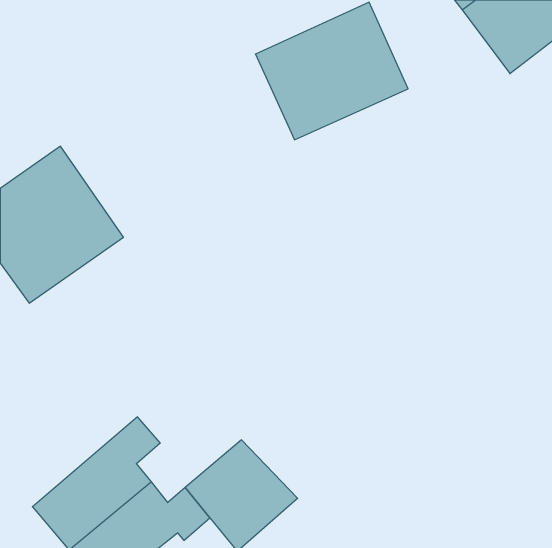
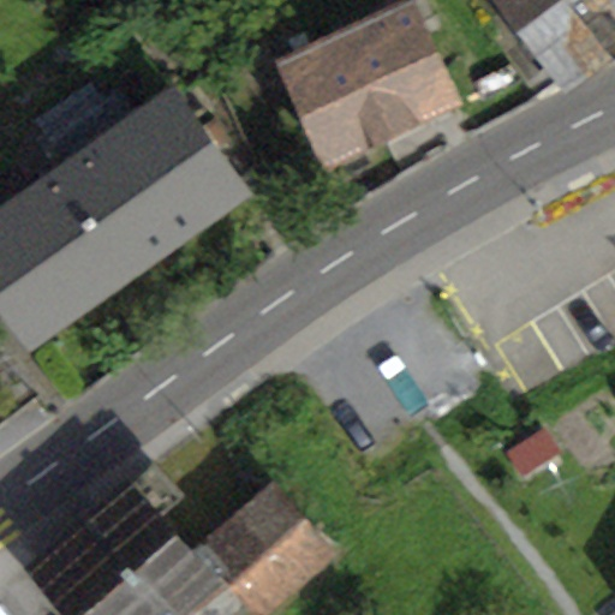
building: none -> [43,94,244,269]

